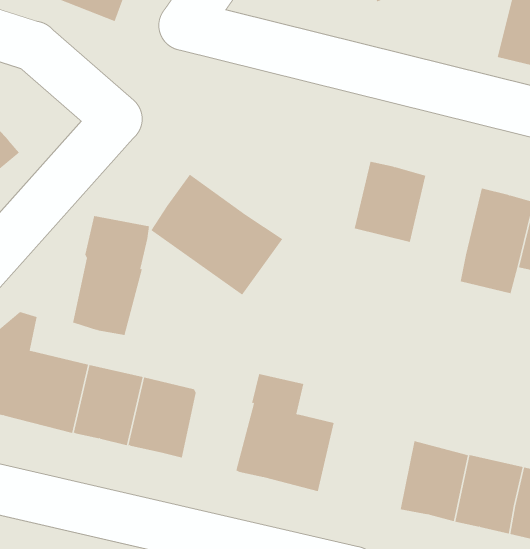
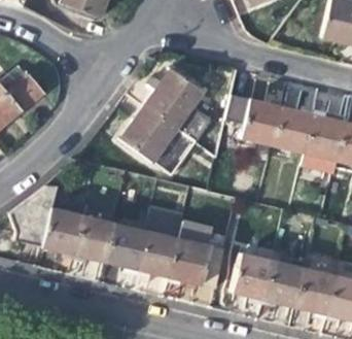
building: none -> [144,68,203,129]
building: none -> [273,106,314,152]
building: [72,216,150,336] -> [140,208,185,278]
building: none -> [235,253,275,301]

